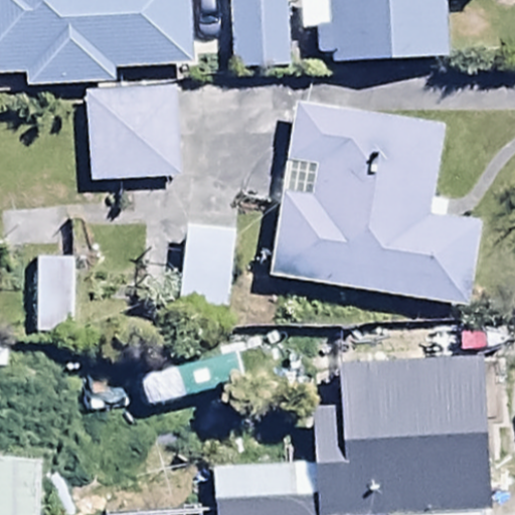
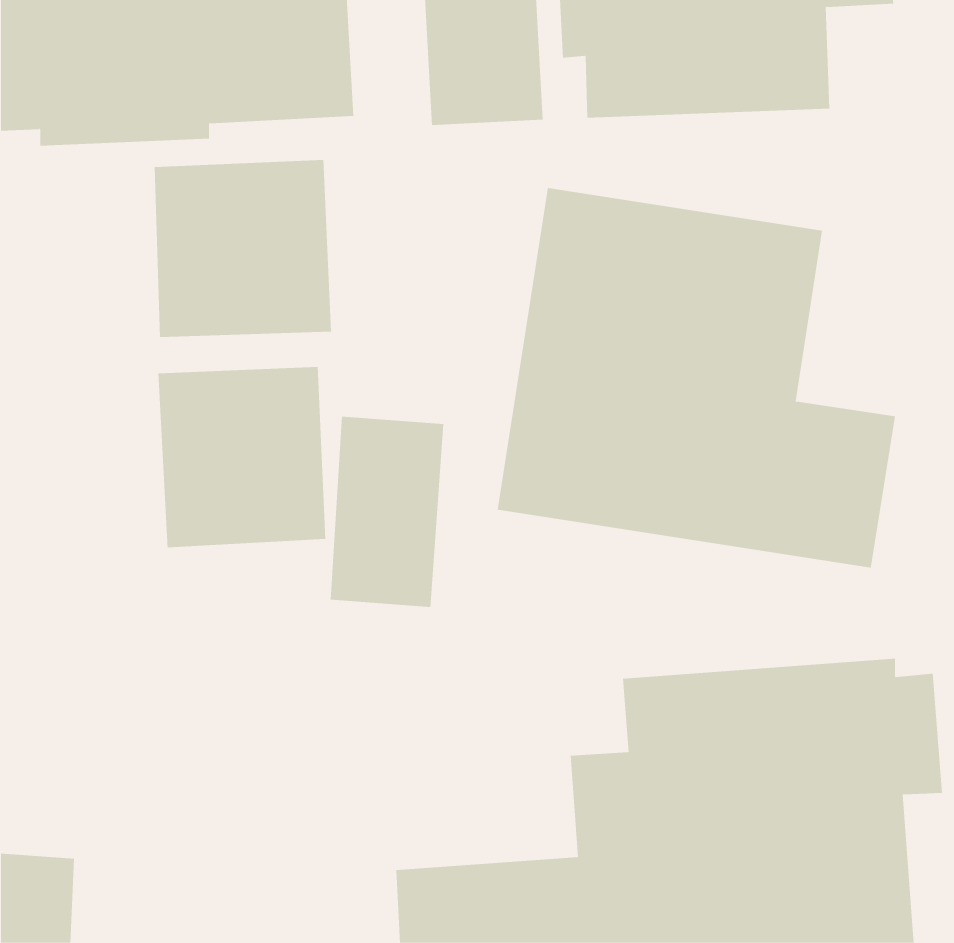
building: none -> [158,366,326,548]

